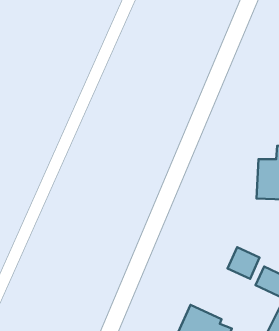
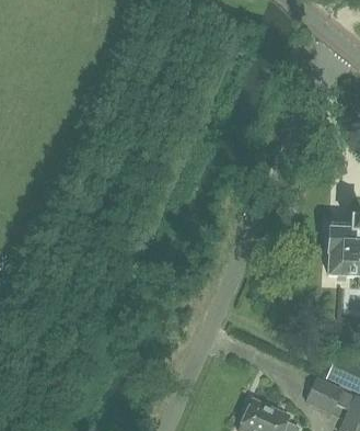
building: [228,247,260,279] -> [304,376,341,413]

